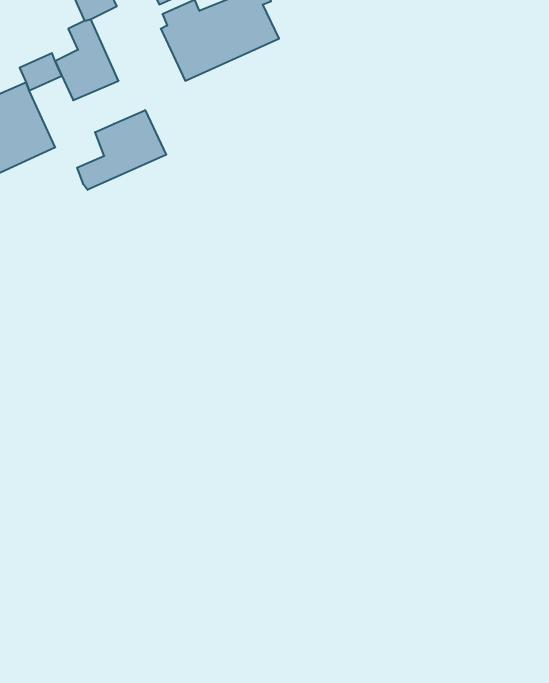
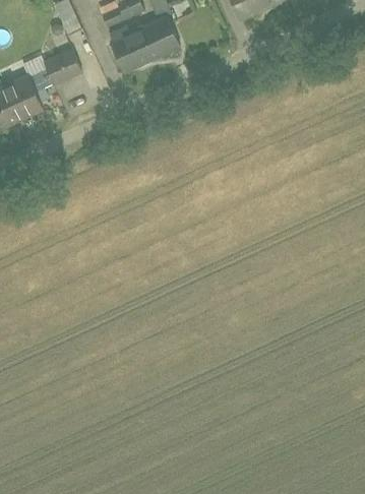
building: [77,110,166,190] -> none

